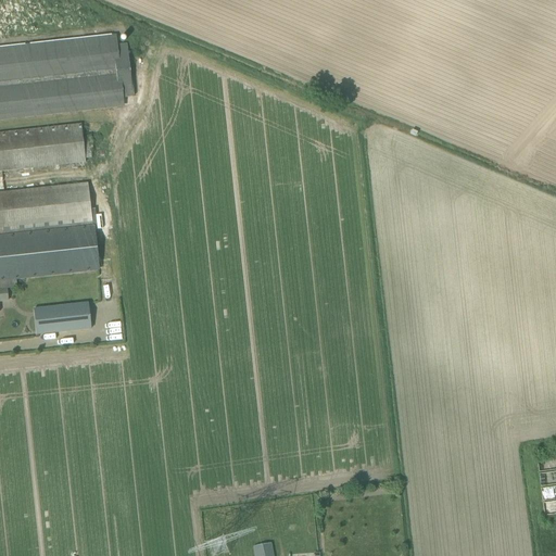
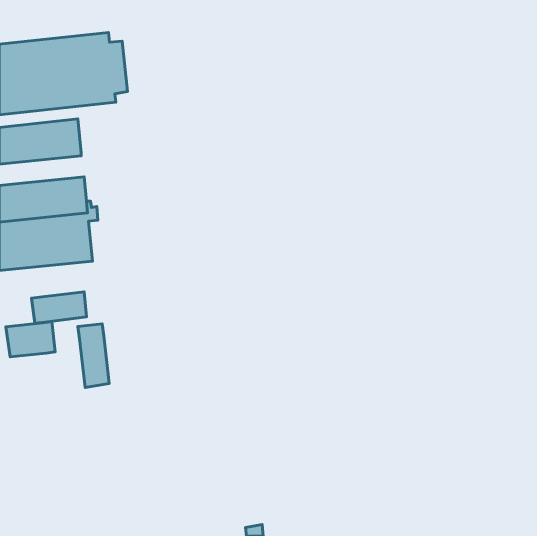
building: none -> [6,321,55,357]
building: none -> [78,324,109,387]

